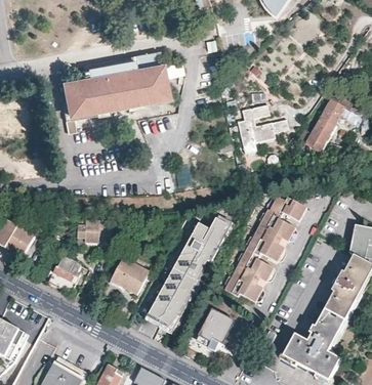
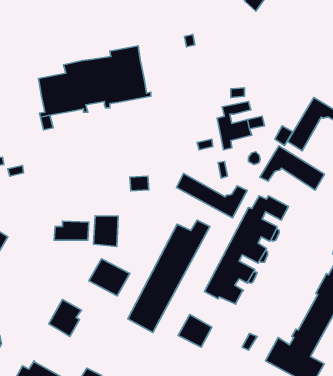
building: none -> [260,146,324,190]
building: none -> [177,173,247,218]
building: none -> [94,216,118,247]
building: [48,258,80,294] -> [49,300,81,336]

